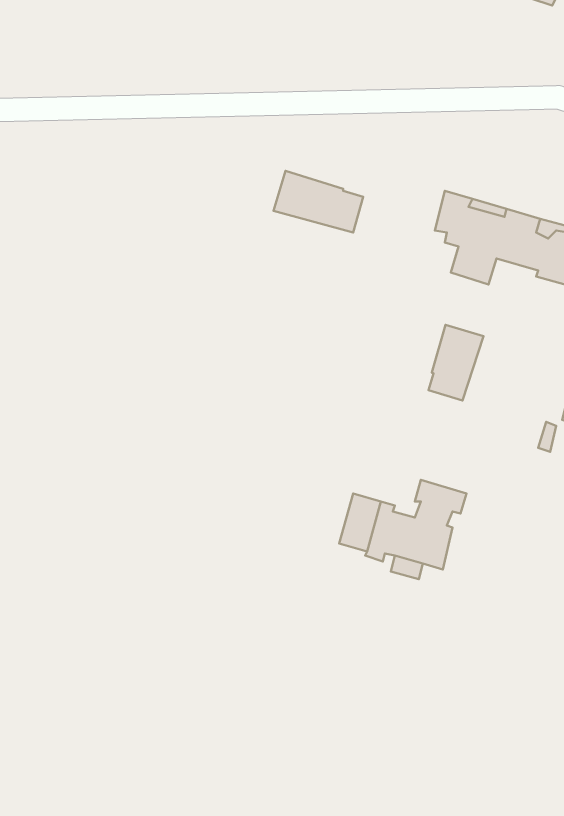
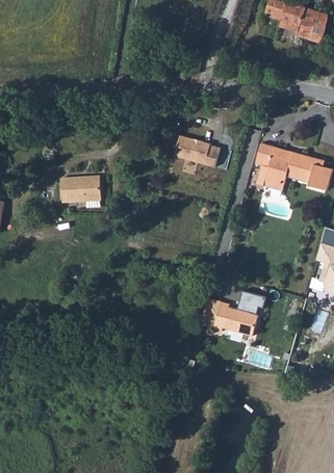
building: none -> [59,174,99,198]
building: [429,325,483,401] -> none

